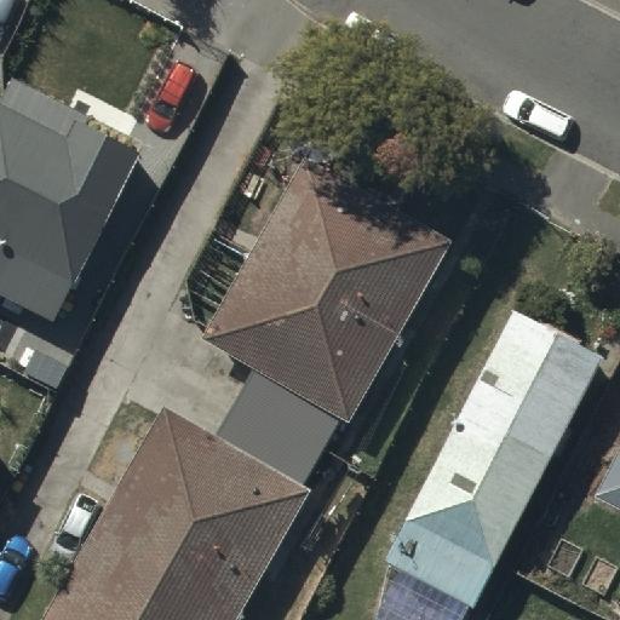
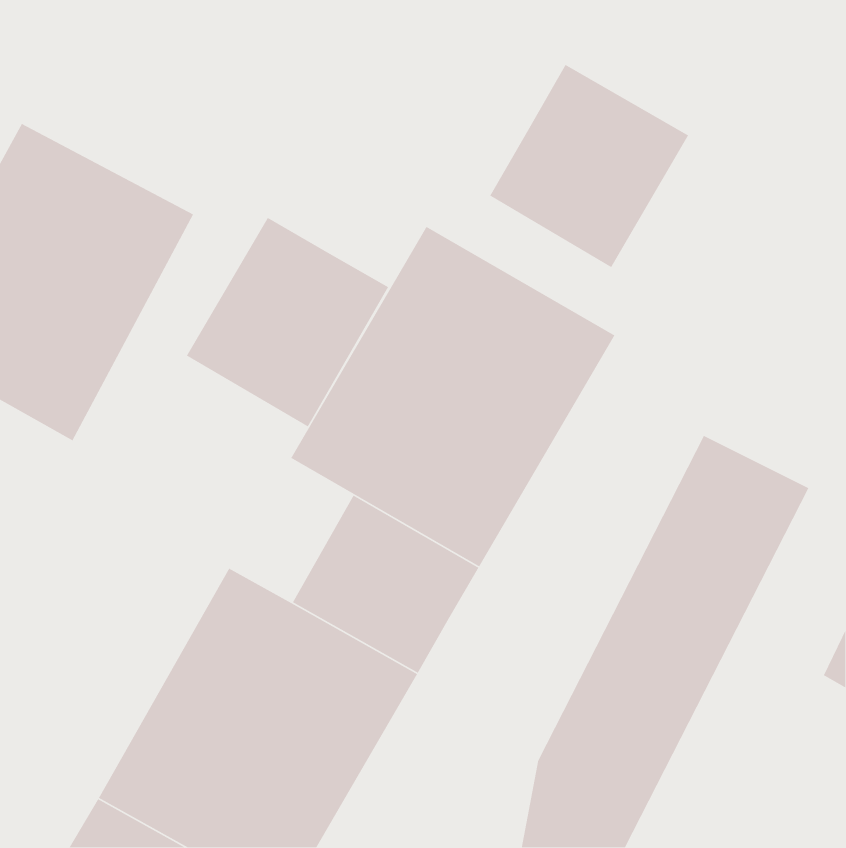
building: none -> [489,64,689,268]
building: none -> [186,217,389,428]

